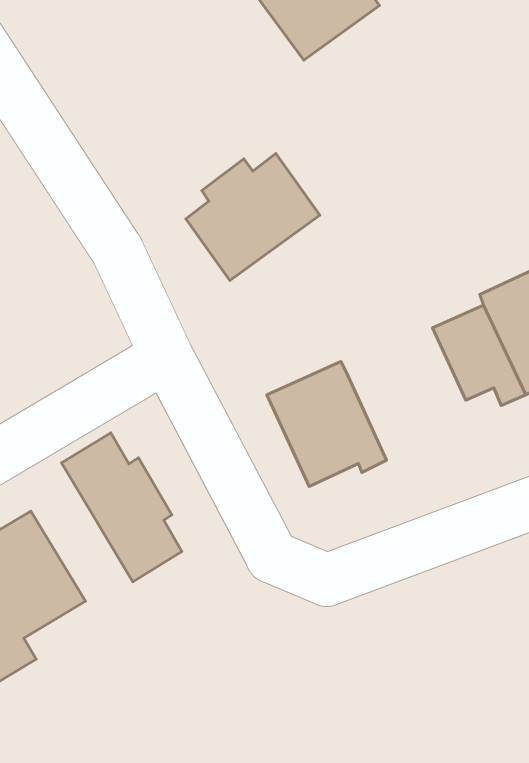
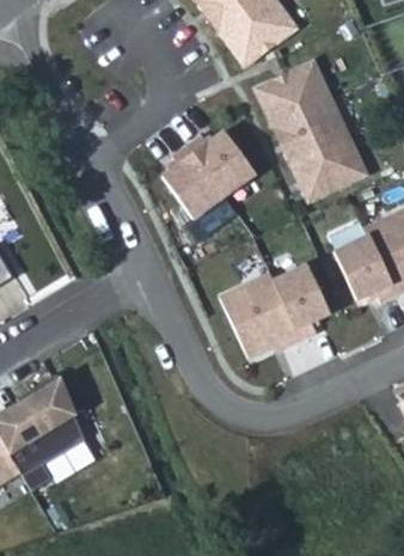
building: none -> [255,62,365,201]
building: none -> [273,263,329,338]
building: [62,433,182,582] -> none

